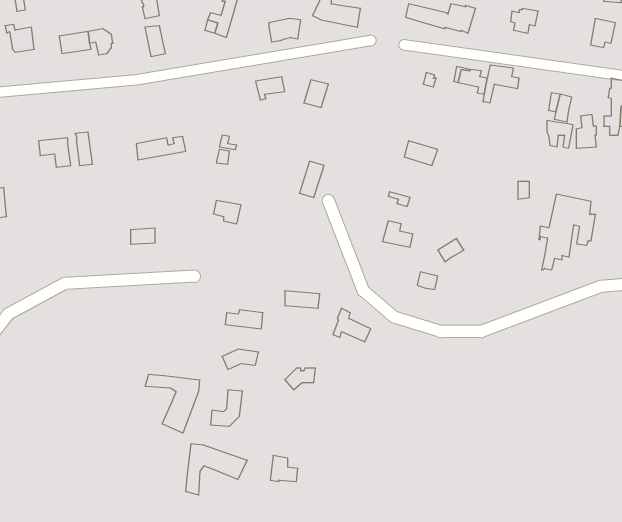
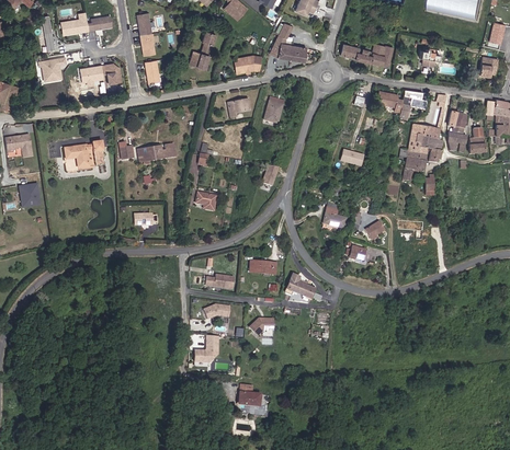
building: [539,194,596,270] -> [400,124,443,181]
building: [145,374,200,433] -> none
building: [186,444,247,495] -> none

